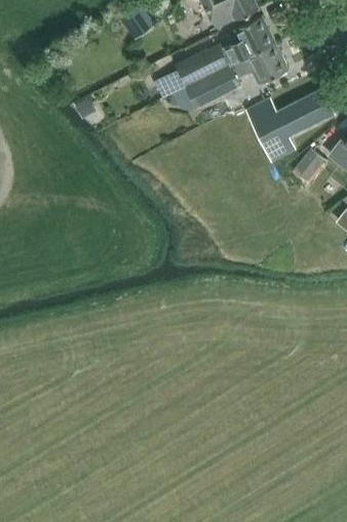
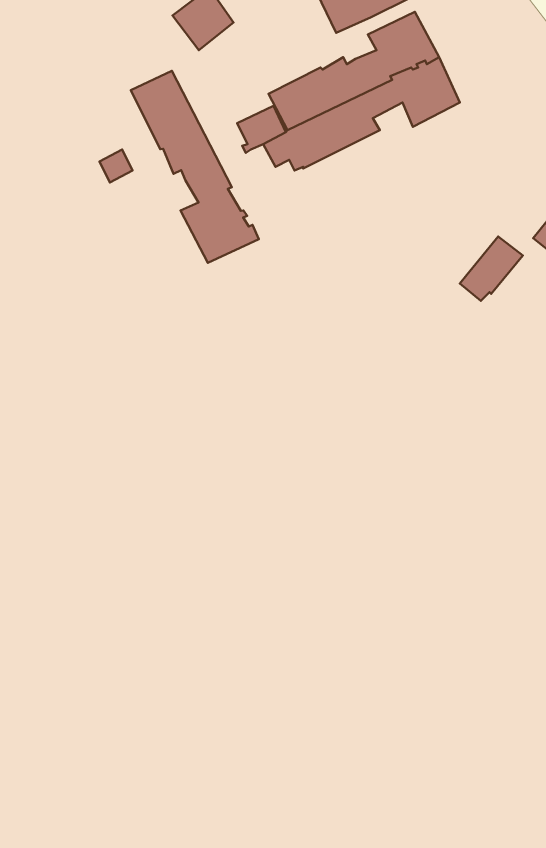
building: none -> [131,71,259,263]
building: [245,89,334,161] -> none

